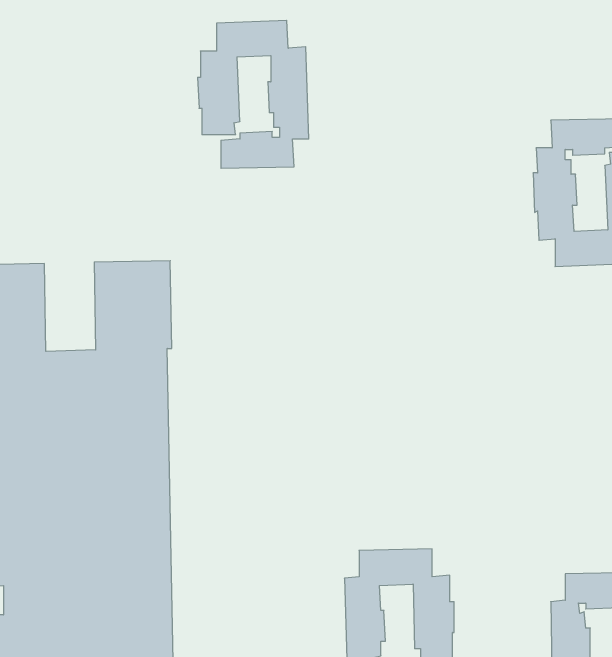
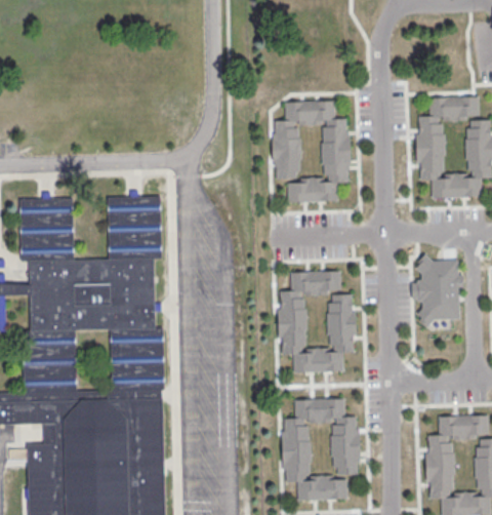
building: [198,20,309,168] -> [272,100,350,203]
building: none -> [411,260,461,321]
building: none -> [278,271,357,374]

